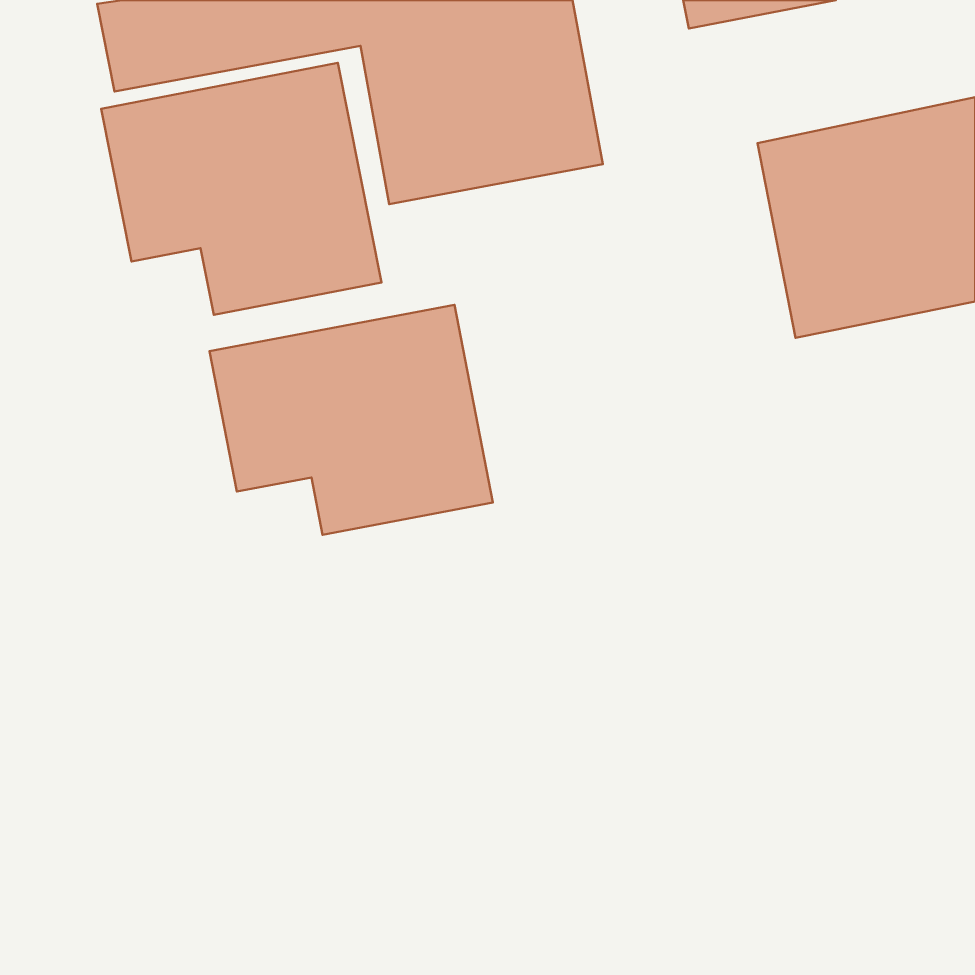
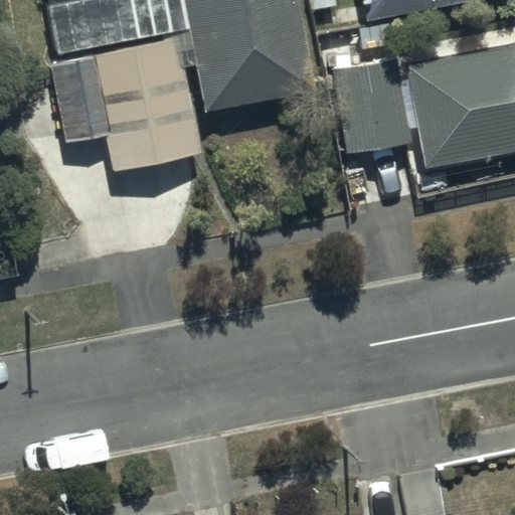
building: none -> [328,70,407,165]
building: [210,305,493,535] -> none

